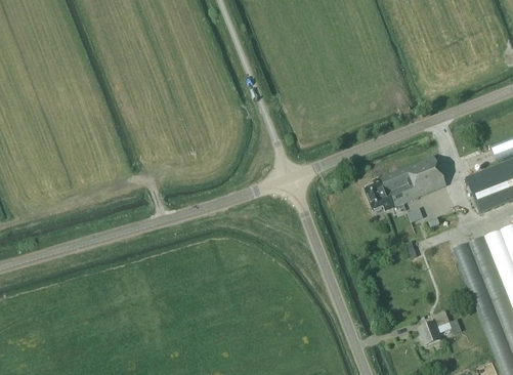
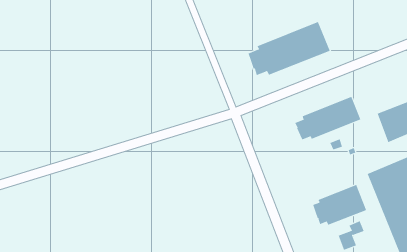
building: none -> [248,21,330,76]
building: none -> [312,184,367,226]

